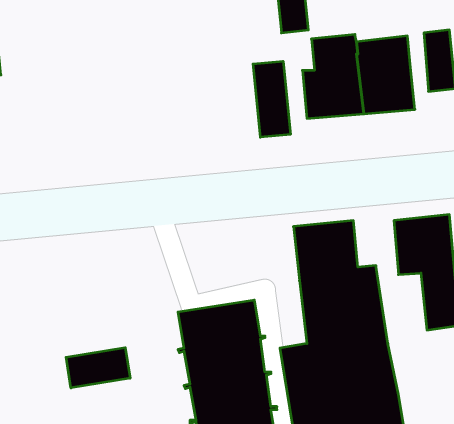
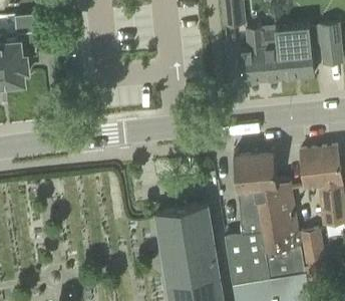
building: [253,61,290,137] -> none
building: none -> [296,227,326,265]
building: [66,348,130,388] -> none

